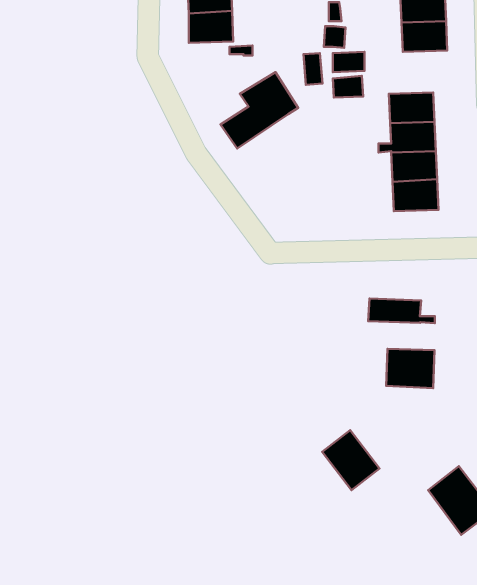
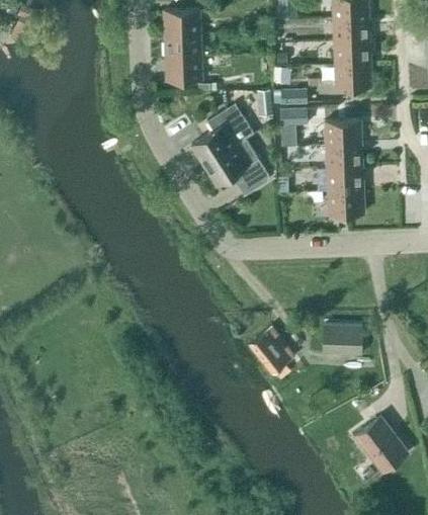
building: none -> [204,139,268,196]
building: [368,299,435,323] -> none
building: [322,430,380,490] -> [249,327,294,374]

